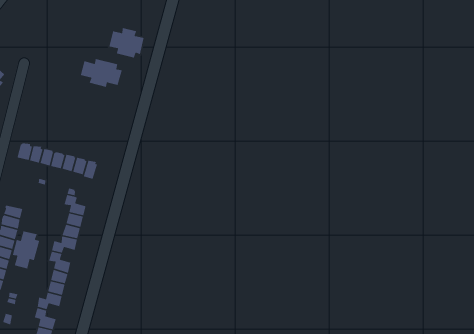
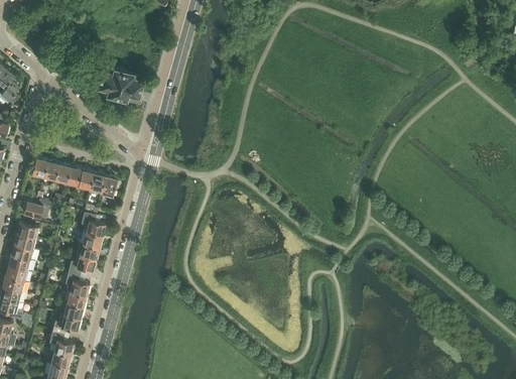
building: [109,27,144,58] -> none
building: none -> [23,201,51,221]
building: [12,231,40,270] -> none

